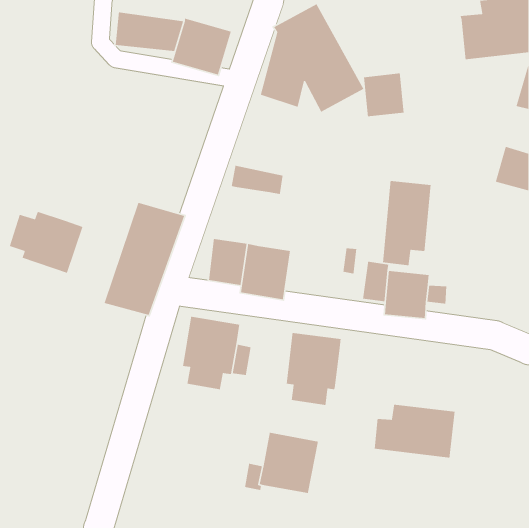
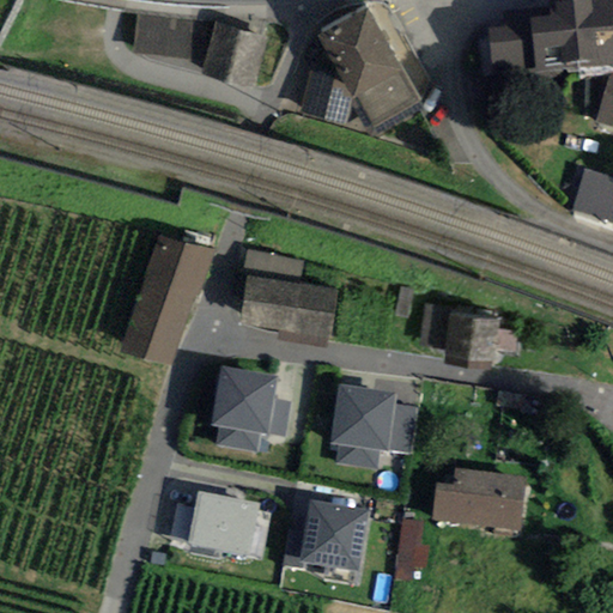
building: [363,73,405,117] -> [490,23,538,74]
building: [231,165,284,195] -> [242,249,303,284]
building: [382,180,432,266] -> none
building: [9,211,83,274] -> none
building: none -> [388,402,419,453]
building: none -> [188,490,271,558]
building: none -> [396,518,427,579]

